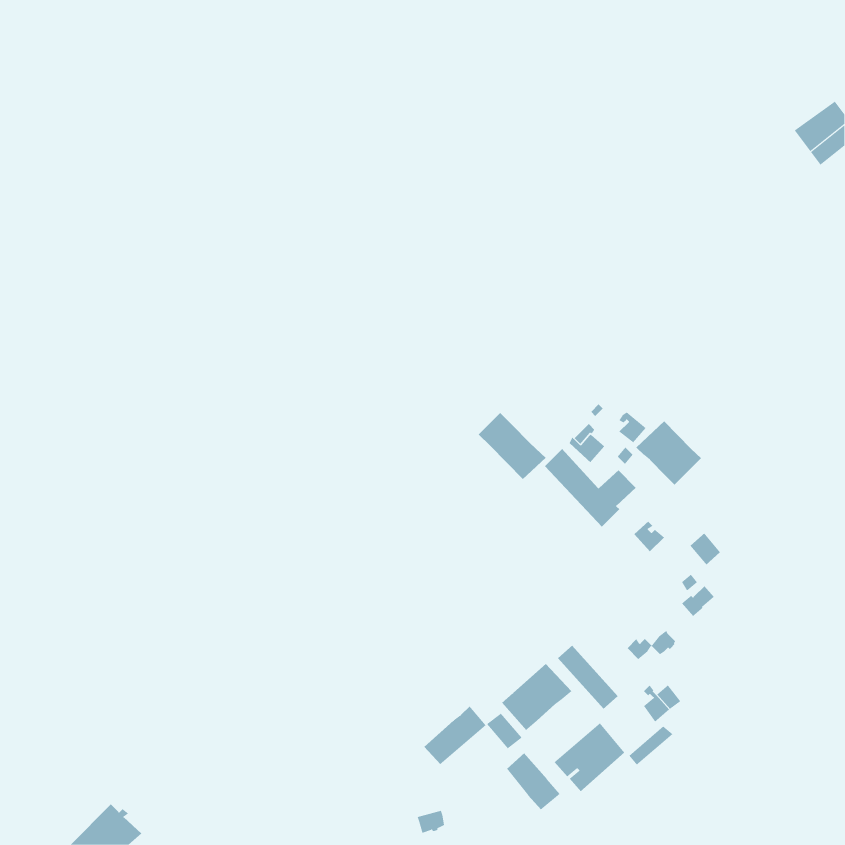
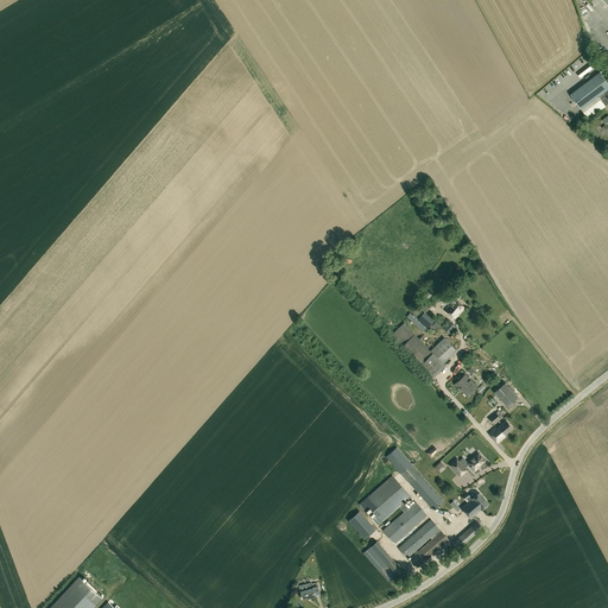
building: [478,412,547,480] -> none
building: [636,421,702,485] -> none
building: [424,705,486,765] -> [382,501,428,544]

